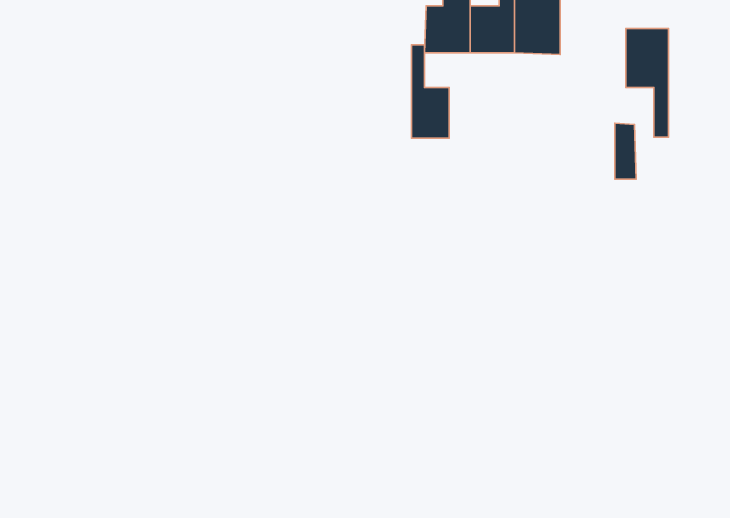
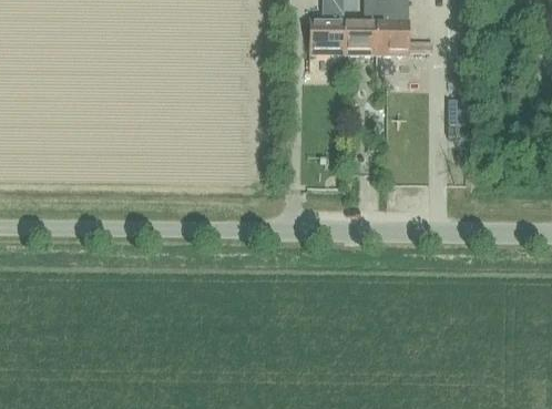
building: [626,29,668,137] -> none
building: [412,45,449,138] -> none

